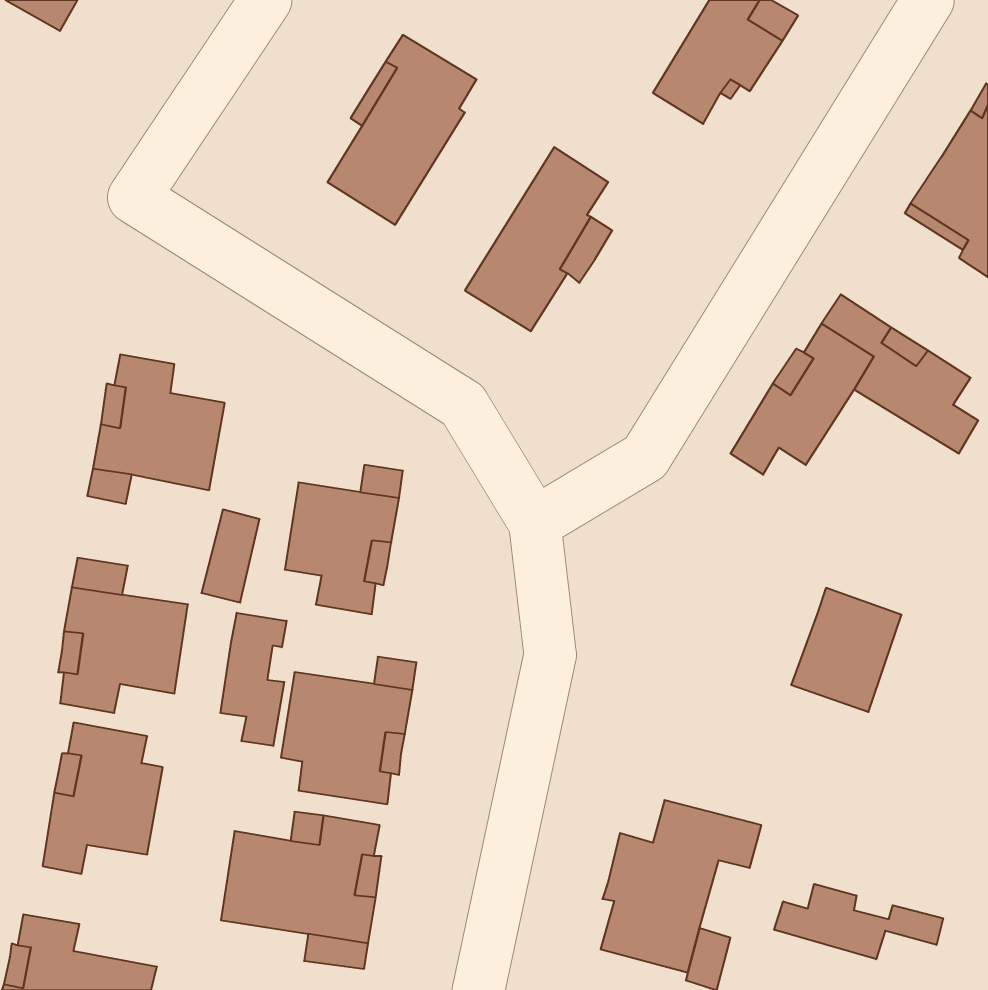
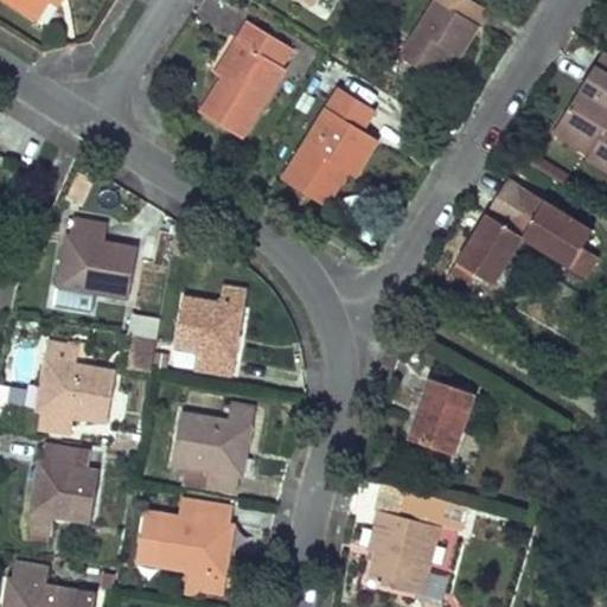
building: [791,588,902,712] -> [408,378,475,454]
building: [221,613,287,746] -> none
building: [774,884,943,959] -> none

